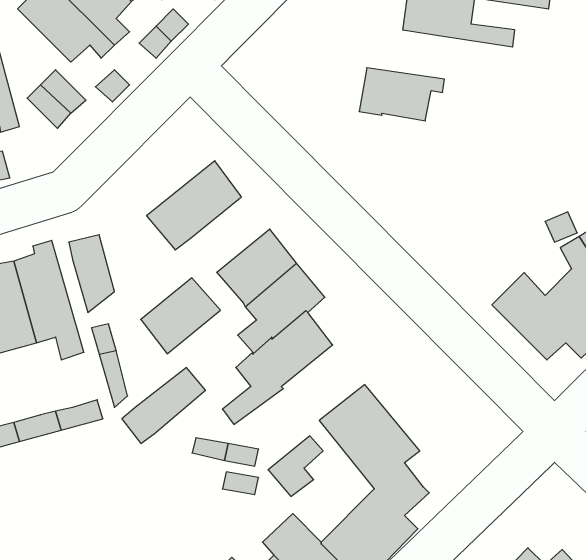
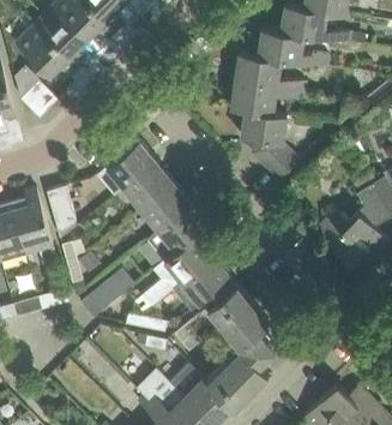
building: none -> [235,52,306,98]
building: none -> [241,108,298,180]
building: [141,278,220,354] -> [123,161,174,209]
building: none -> [181,255,234,303]

